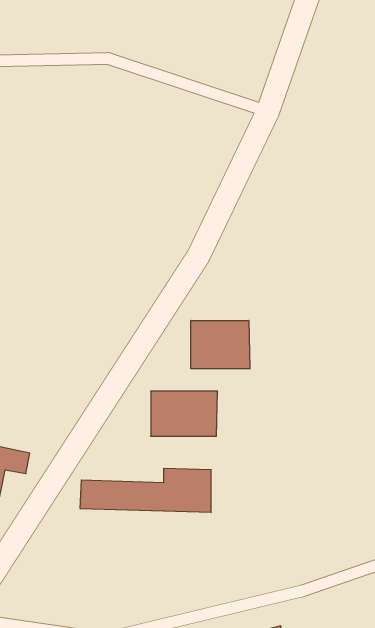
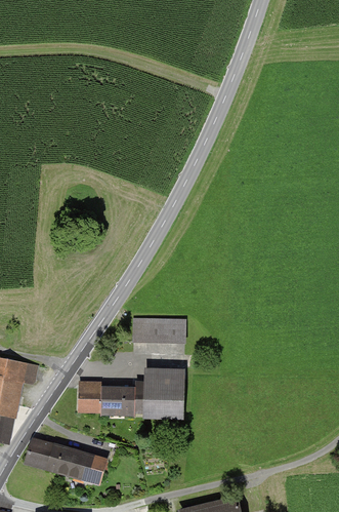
building: [191,320,250,369] -> none
building: none -> [26,439,105,482]

